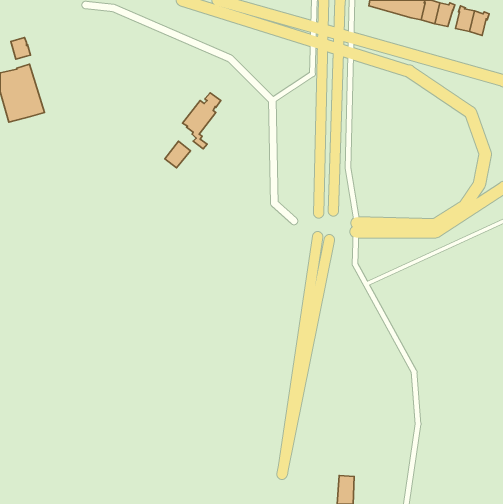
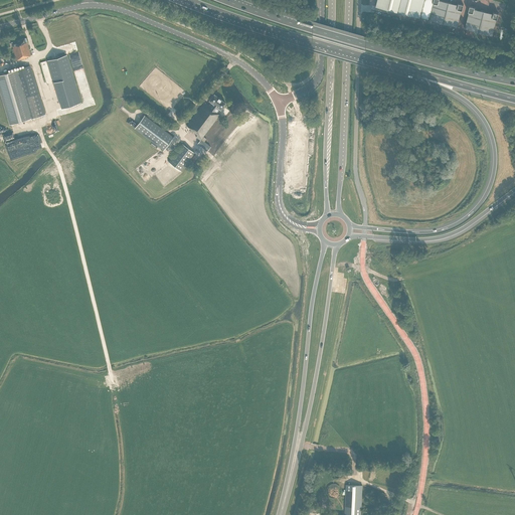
building: none -> [48,55,81,109]
building: none -> [136,116,174,151]

